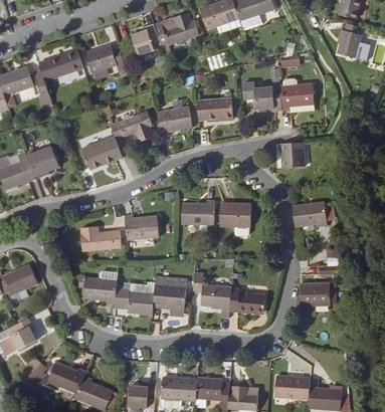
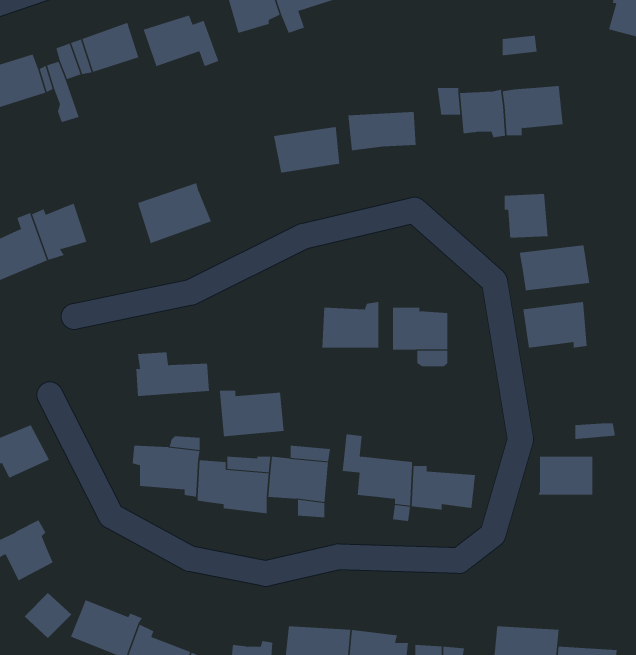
building: [108,105,154,141] -> none
building: none -> [519,244,590,291]
building: [125,216,160,241] -> [219,390,284,437]

